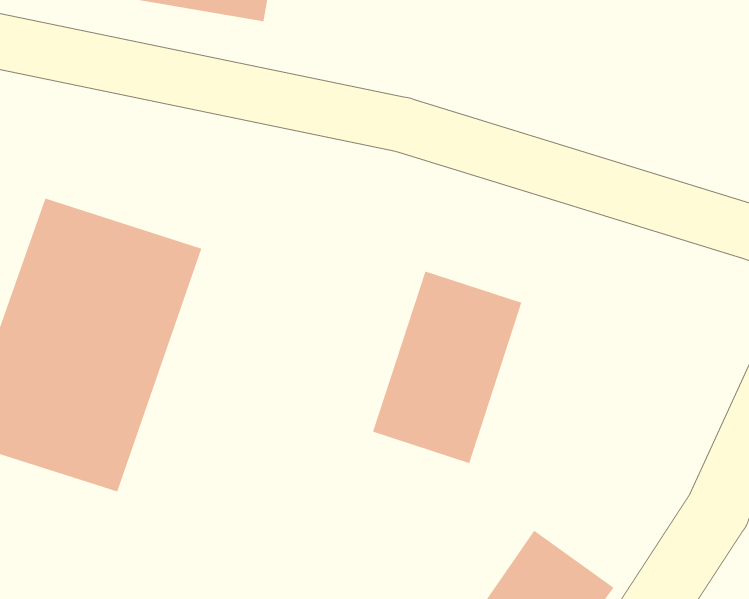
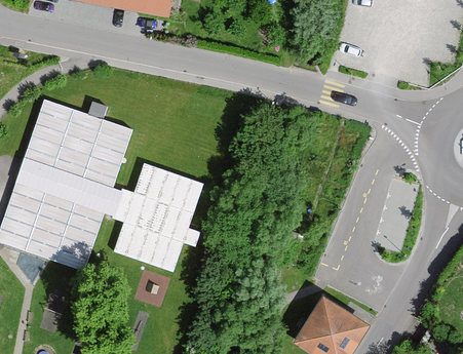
building: [372,271,522,464] -> [118,170,200,276]

